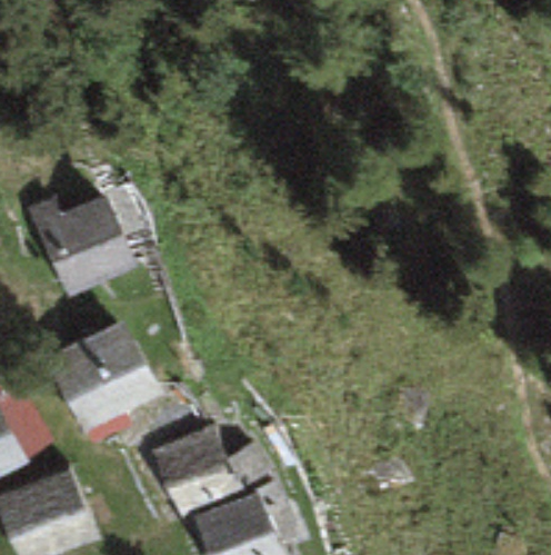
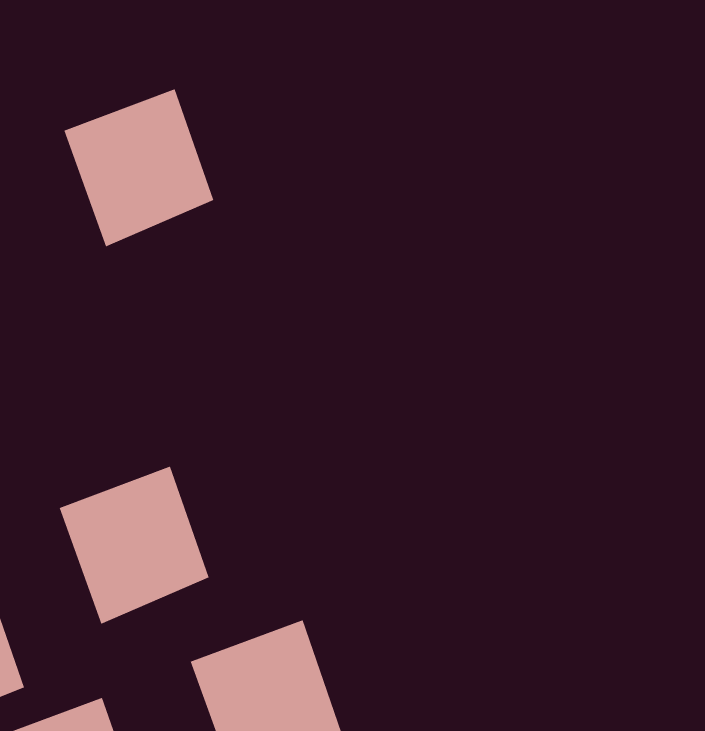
building: [29,181,132,290] -> [63,88,214,247]

